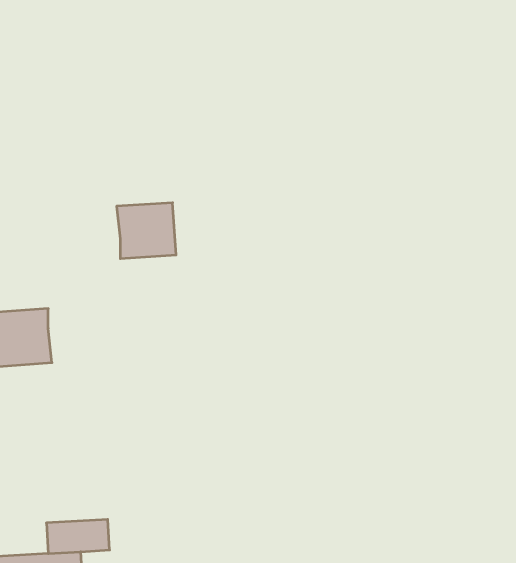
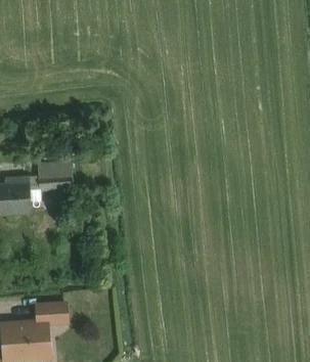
building: [117,203,176,259] -> [34,162,68,193]

